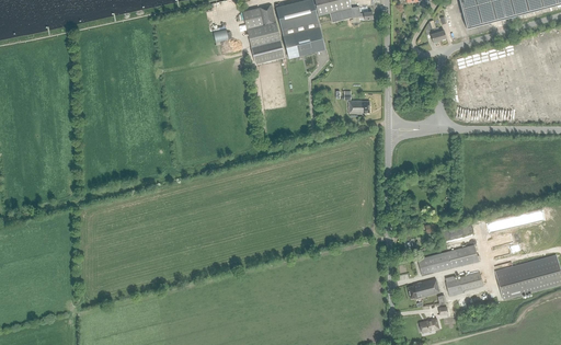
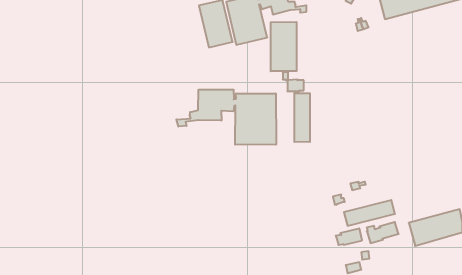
building: none -> [271,22,297,71]
building: none -> [176,90,276,145]
building: none -> [294,93,310,142]

